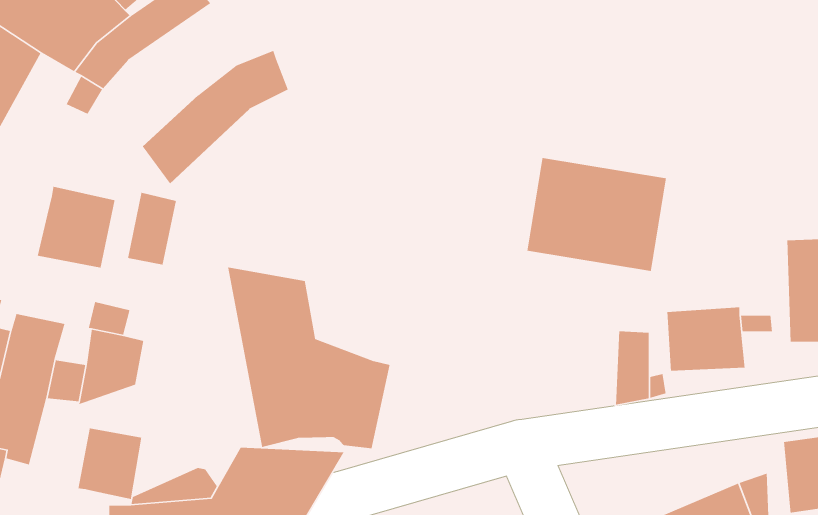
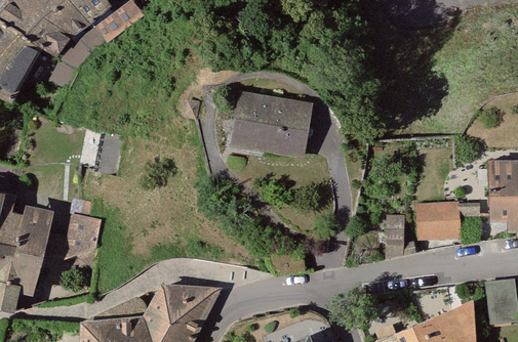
building: [142,50,289,184] -> none
building: [527,157,667,272] -> [229,90,313,159]
building: [37,186,115,268] -> none
building: [227,266,390,449] -> none
building: [77,428,142,500] -> none

